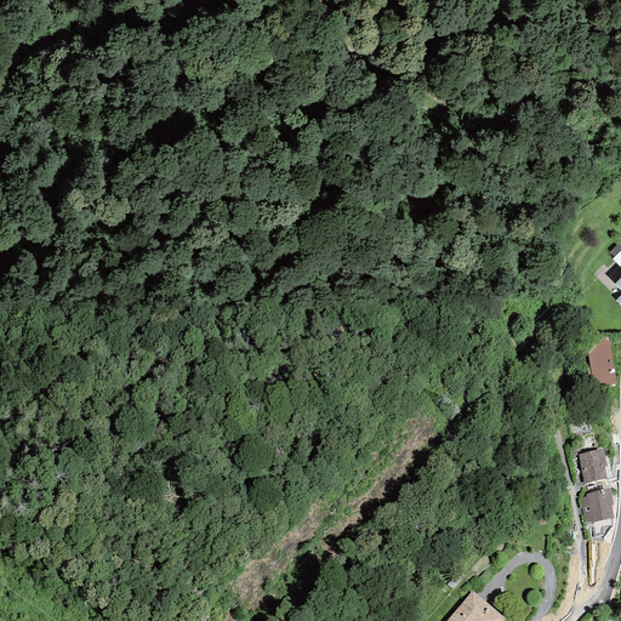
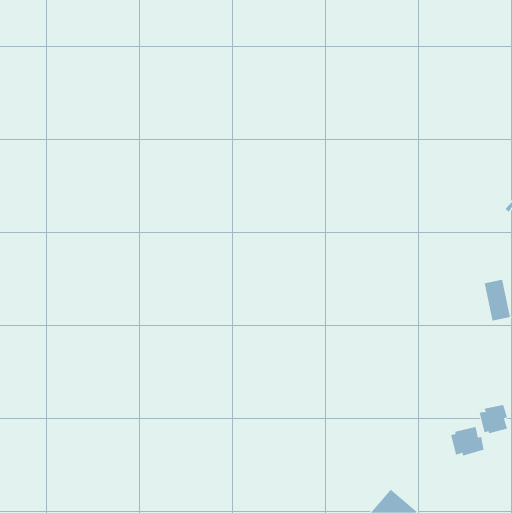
building: [579,448,609,484] -> none
building: none -> [450,426,484,457]

